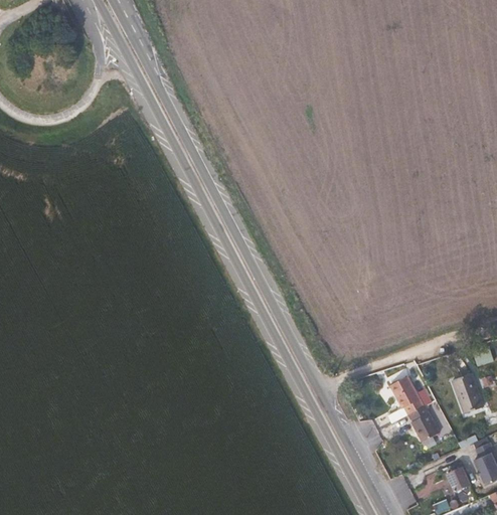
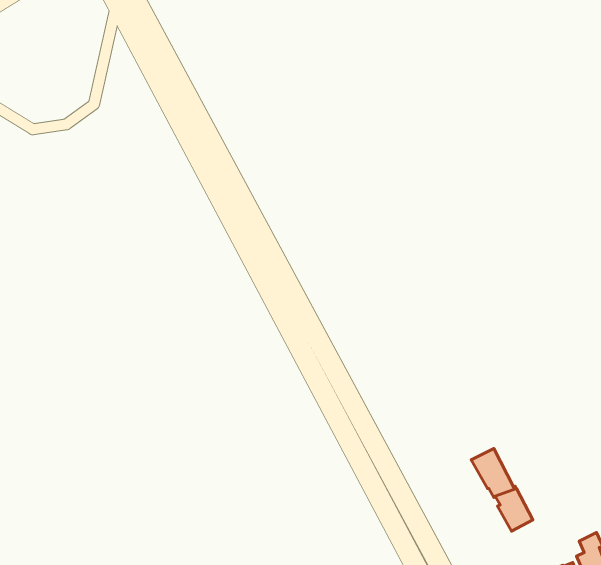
building: [454,373,484,413] -> none

